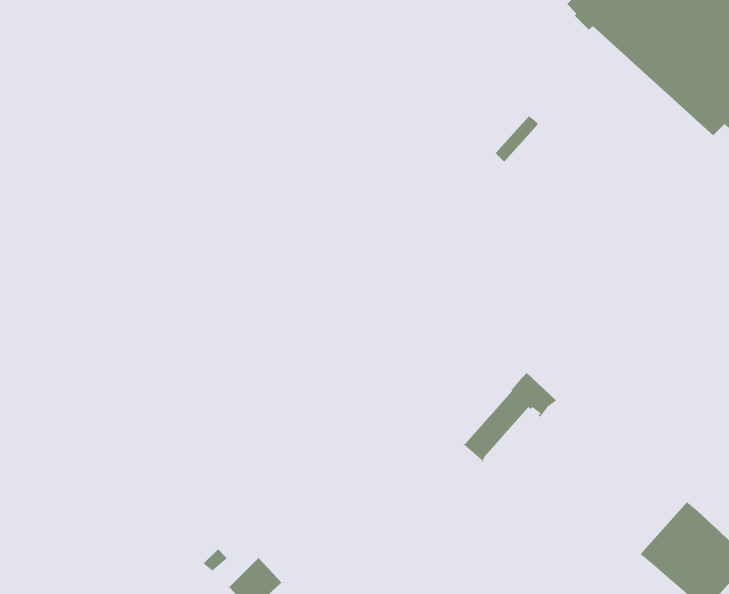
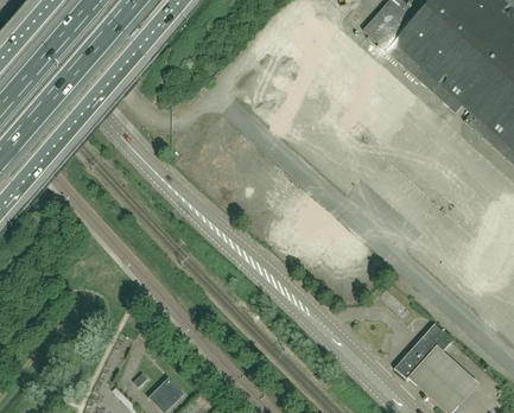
building: [463,372,557,463] -> [394,323,453,380]

